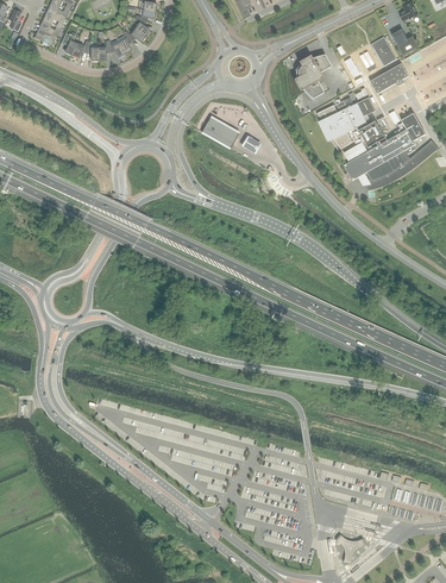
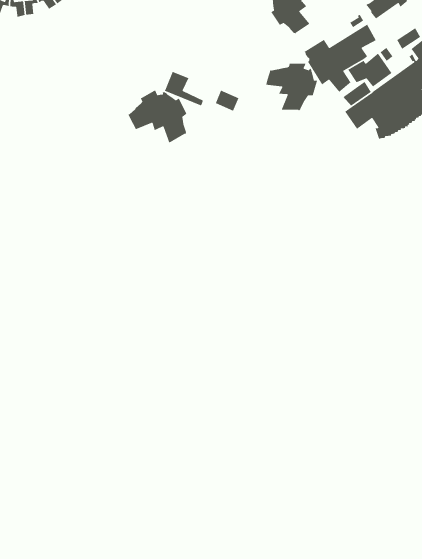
building: none -> [265,63,318,112]
building: none -> [127,89,187,144]

